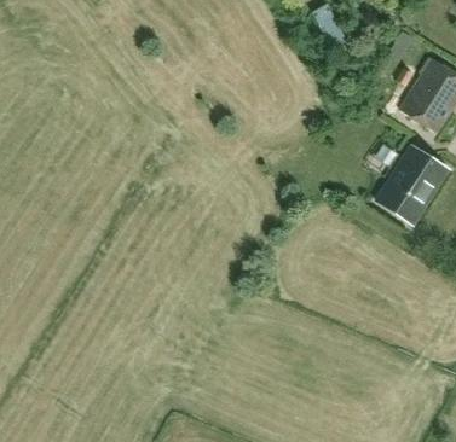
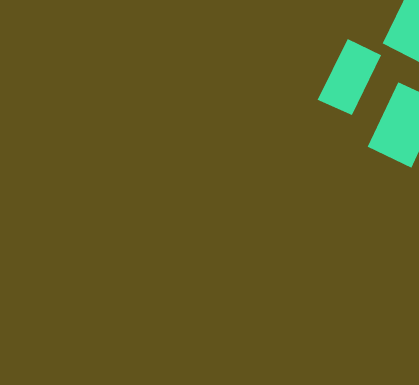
building: none -> [317,38,382,116]

